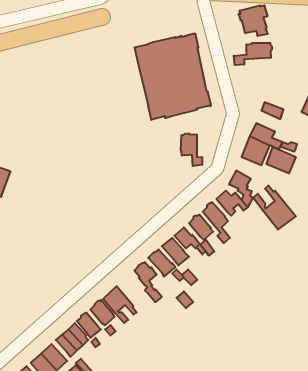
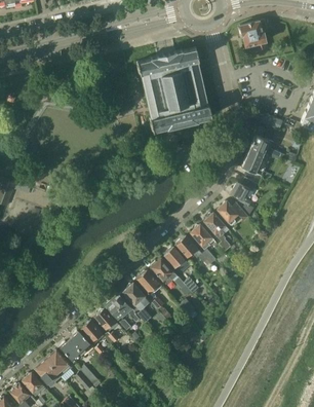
building: [234,43,272,65] -> none
building: [181,133,202,166] -> none
building: [267,147,296,174] -> none
building: [253,185,296,230] -> none
building: none -> [123,283,152,323]

